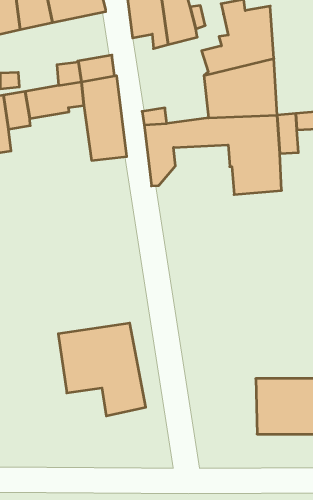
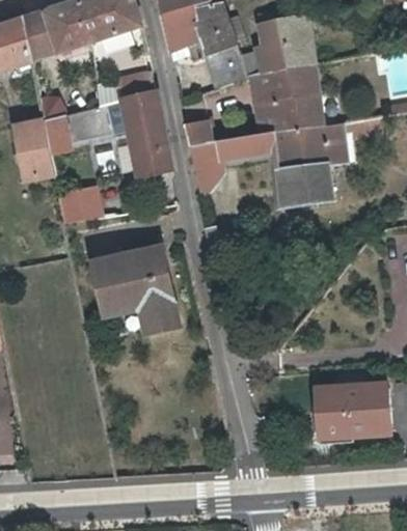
building: none -> [208,48,250,91]
building: none -> [60,188,103,221]
building: [58,323,146,416] -> [83,243,177,338]

